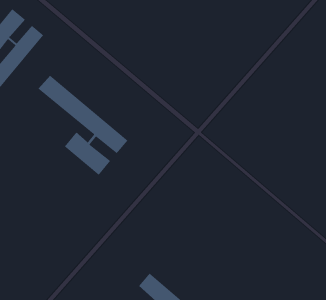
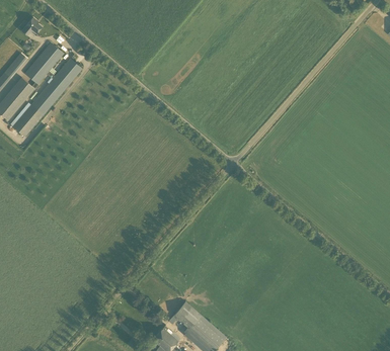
building: [38,75,128,176] -> none

